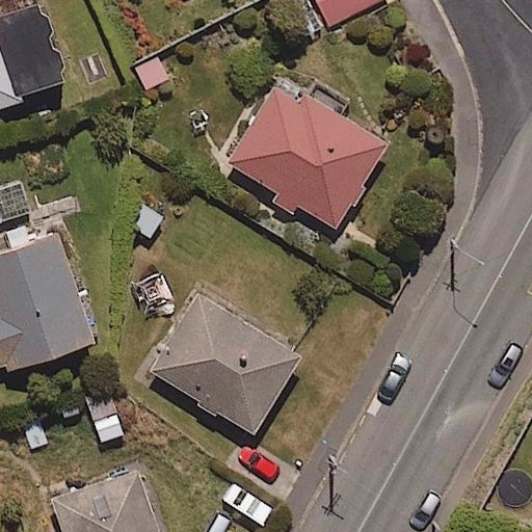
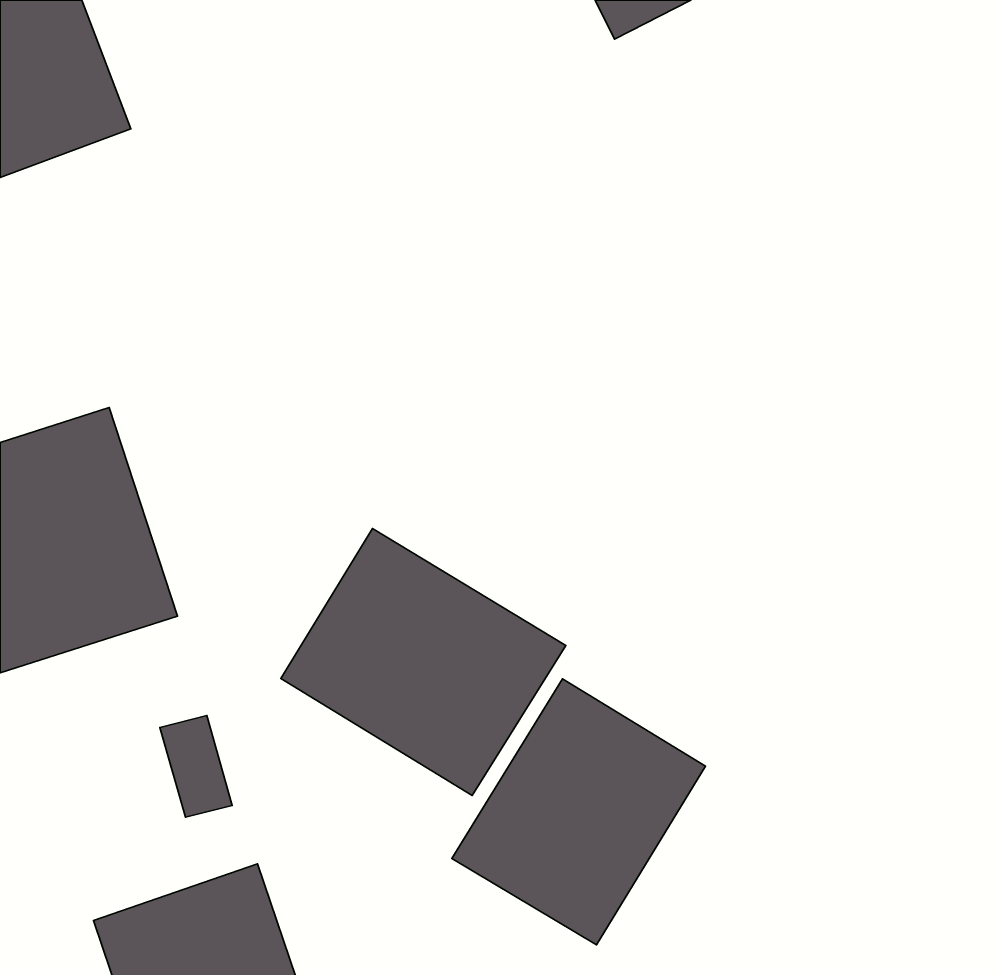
building: [224,77,389,231] -> none
building: none -> [452,679,705,945]

